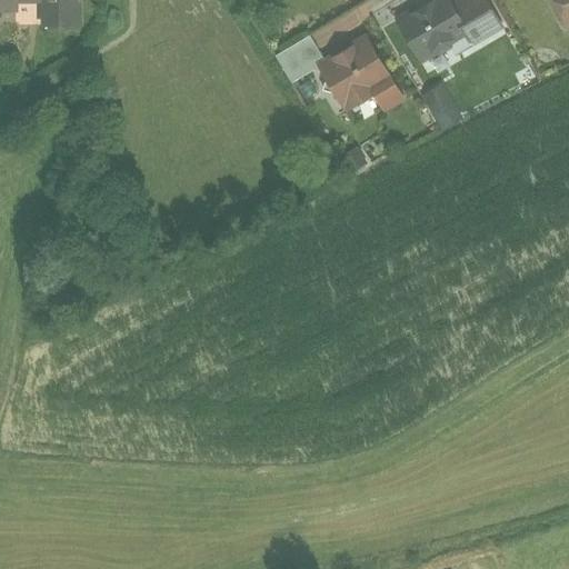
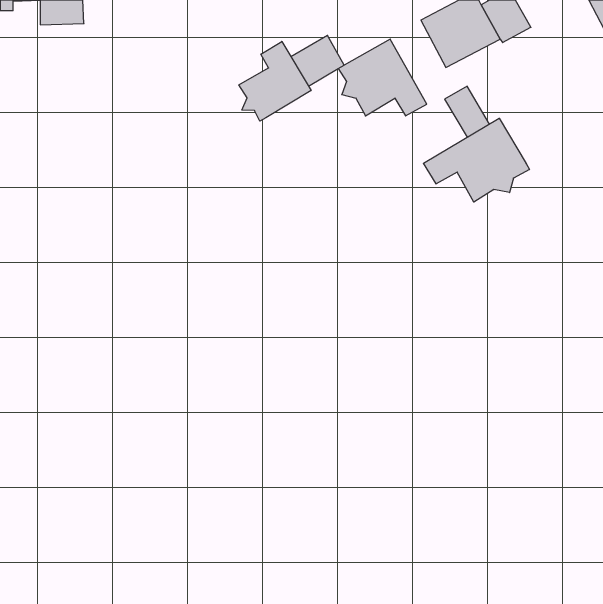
building: none -> [239,41,311,121]
building: none -> [423,118,529,202]

